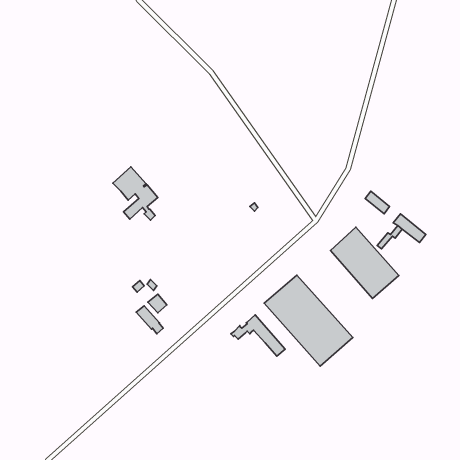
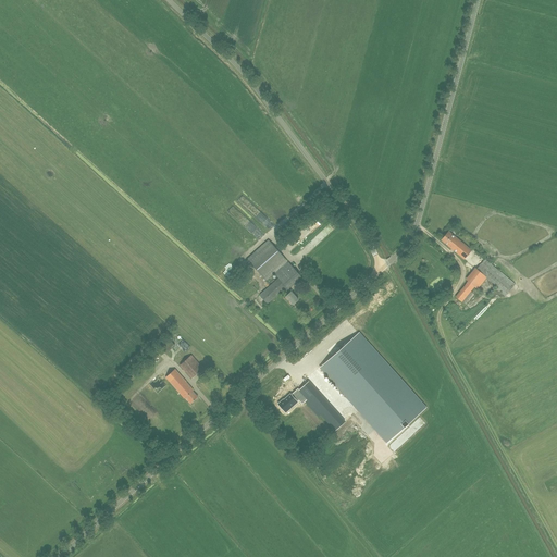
building: [113,167,158,220] -> [246,239,300,304]
building: [331,227,399,299] -> none

